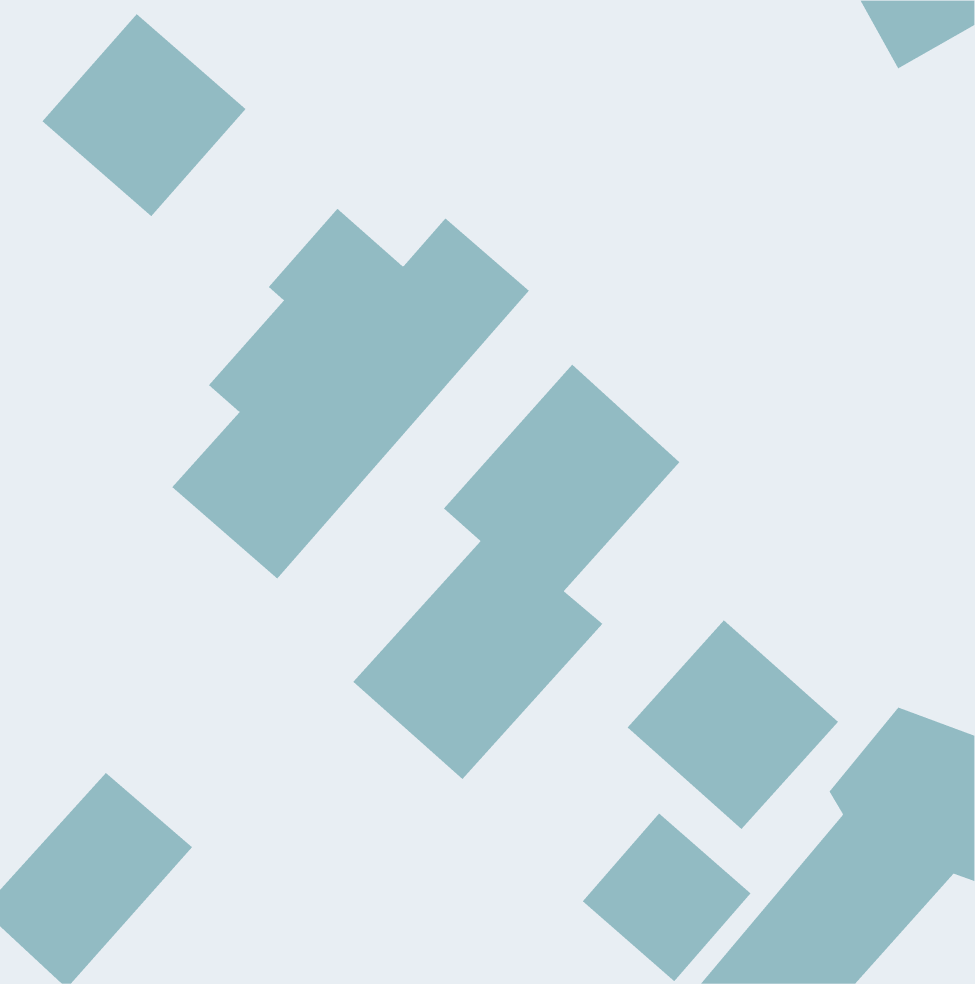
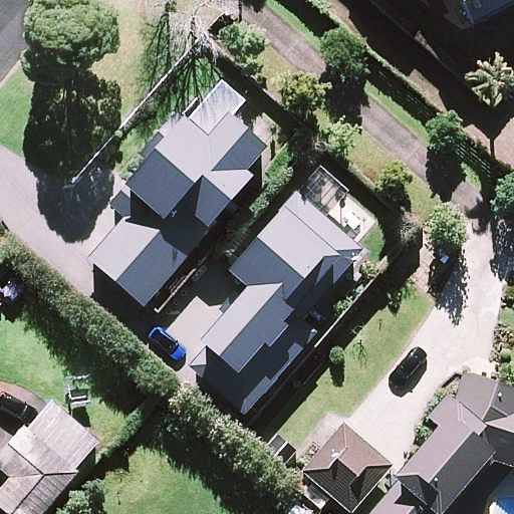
building: [41,13,247,217] -> none
building: [627,619,839,830] -> none

